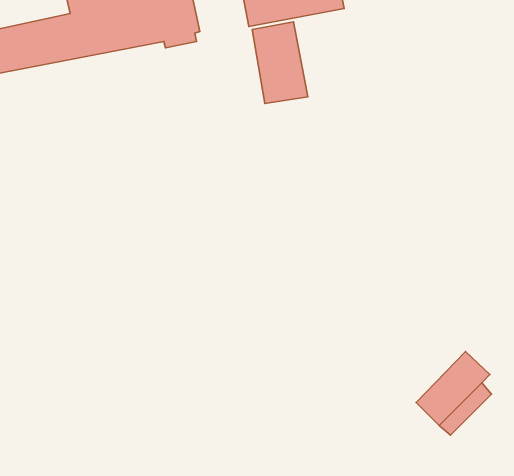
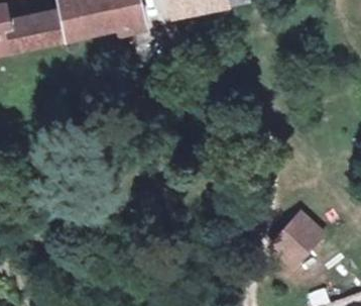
building: [252,22,308,104] -> none

